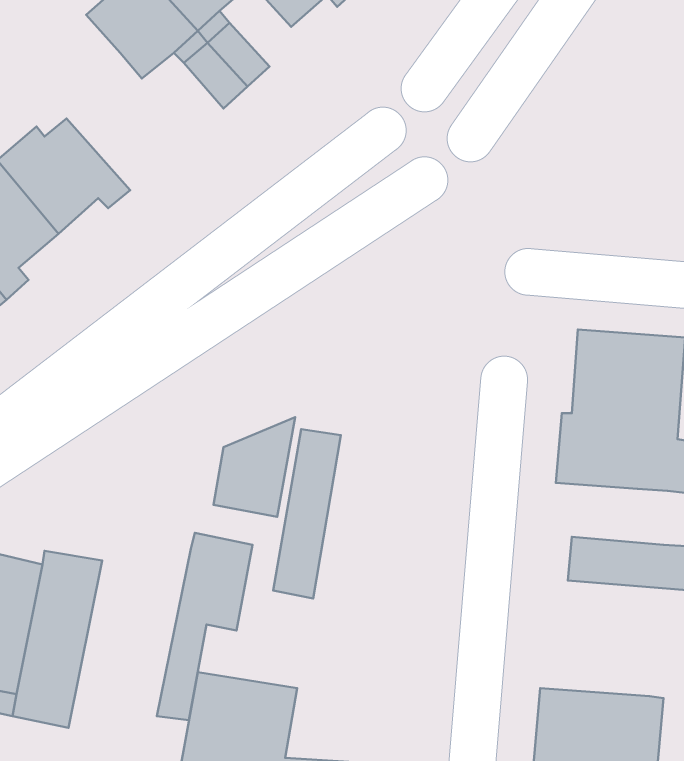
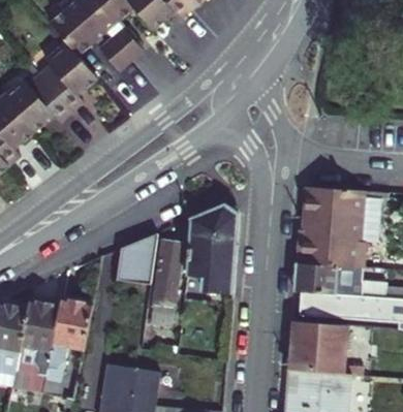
building: none -> [40,42,100,114]
building: none -> [185,204,236,293]
building: none -> [292,265,352,297]
building: [157,533,252,720] -> [41,297,91,394]
building: none -> [286,324,346,376]

